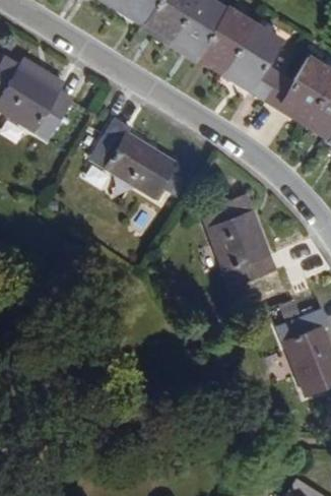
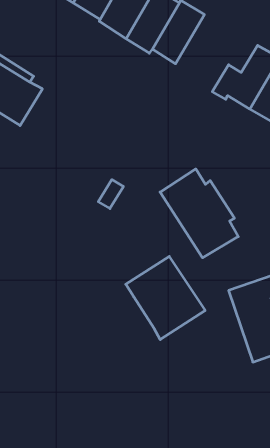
building: [217,19,276,101] -> none
building: [81,110,168,195] -> none
building: none -> [126,256,205,340]

